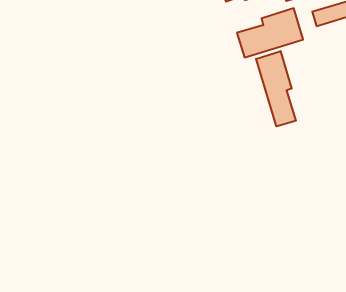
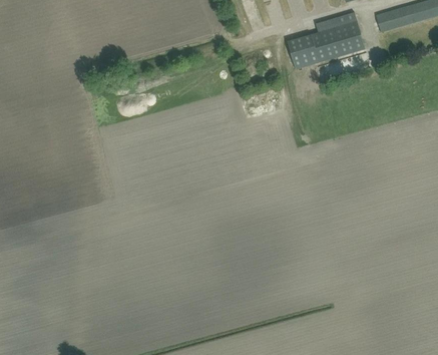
building: [256,51,296,126] -> none

